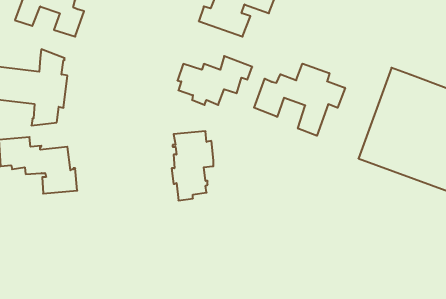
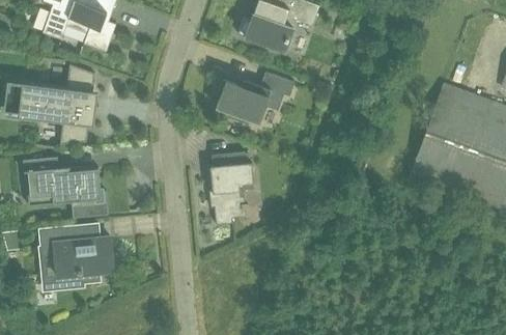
building: [254,64,345,136] -> none
building: none -> [39,225,113,286]

